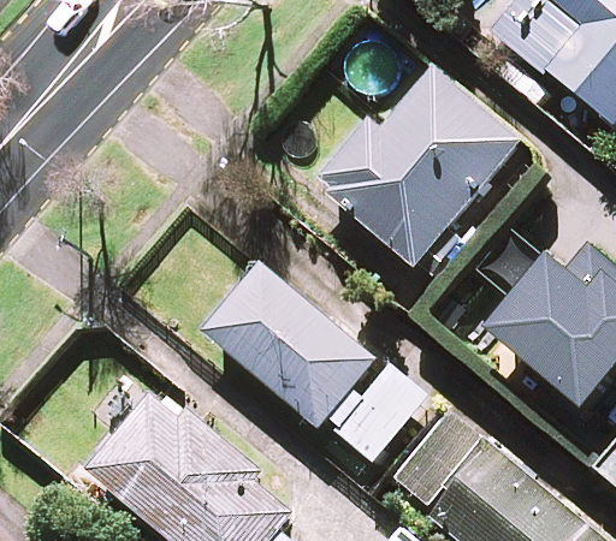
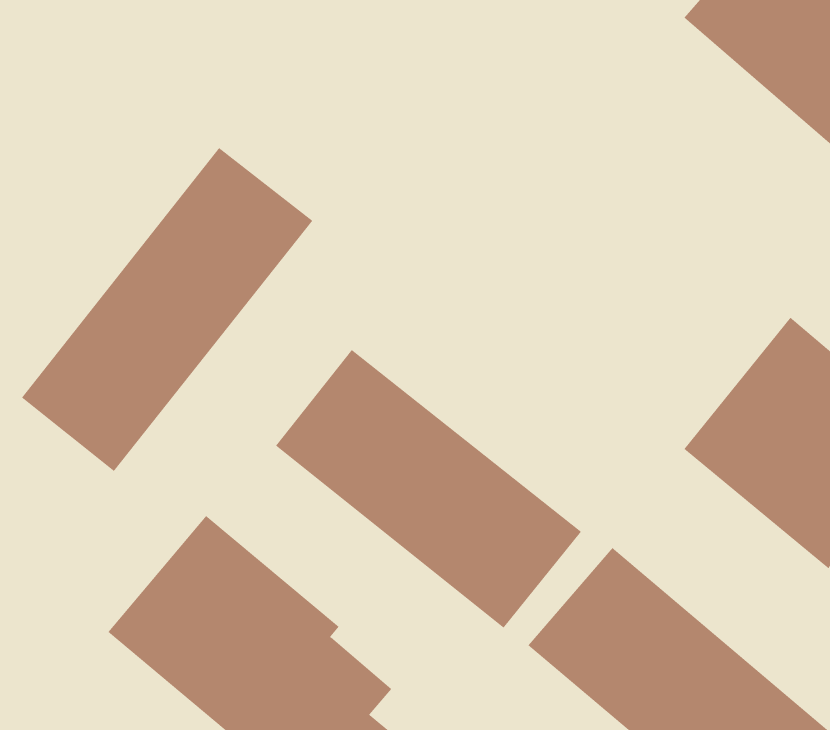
building: [316,66,522,266] -> none
building: none -> [21,147,313,472]

